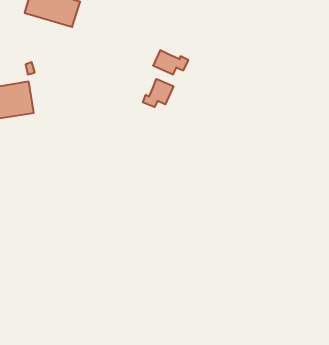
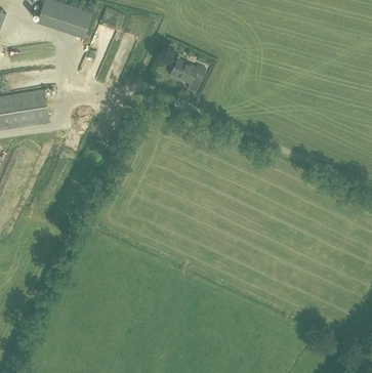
building: [143,79,173,107] -> none

